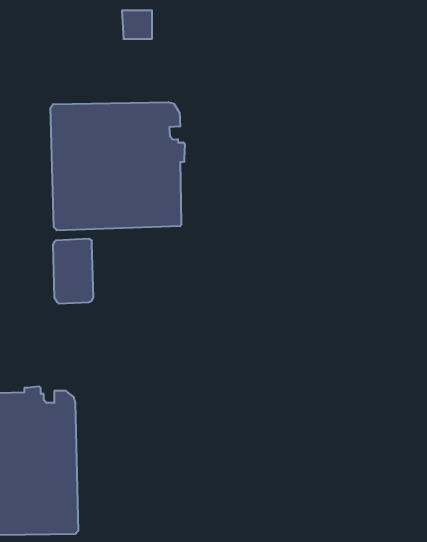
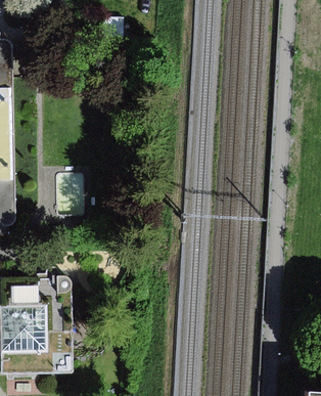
building: [51,102,185,230] -> none

